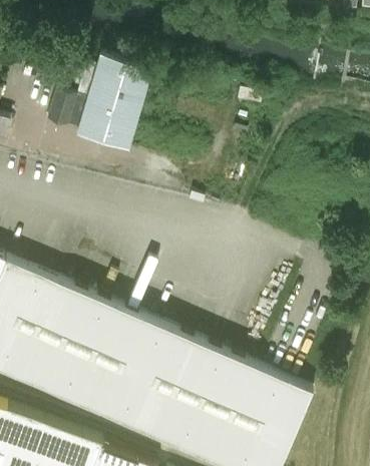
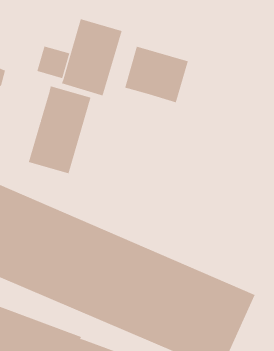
building: none -> [124,46,188,103]
building: none -> [28,85,91,174]

